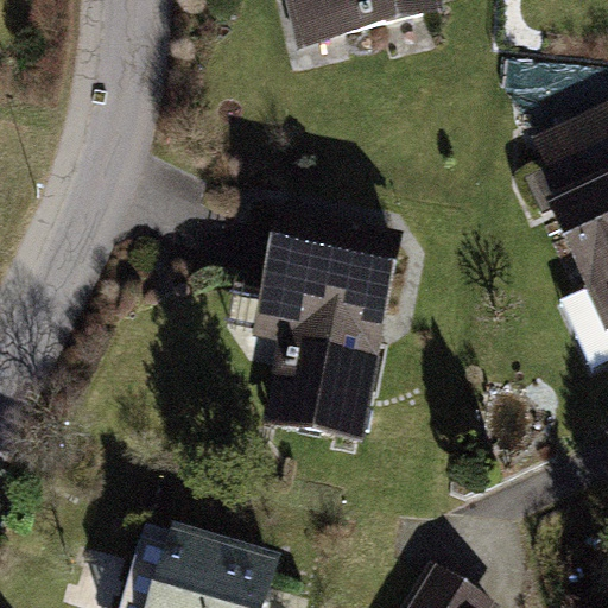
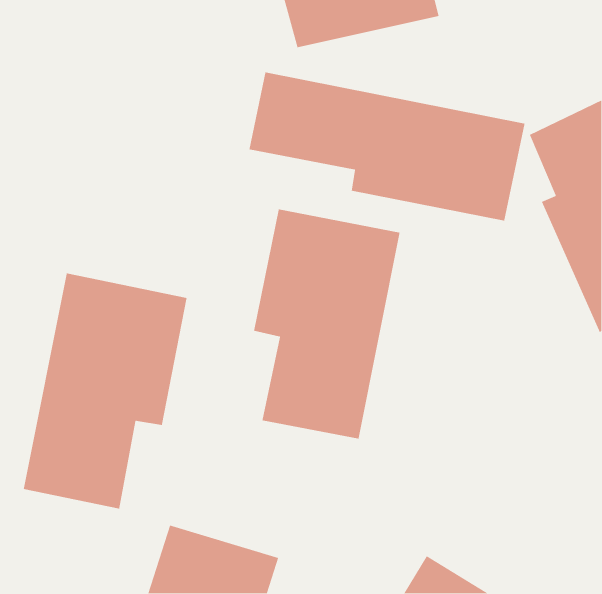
building: none -> [248,71,525,222]
building: none -> [23,273,188,509]

